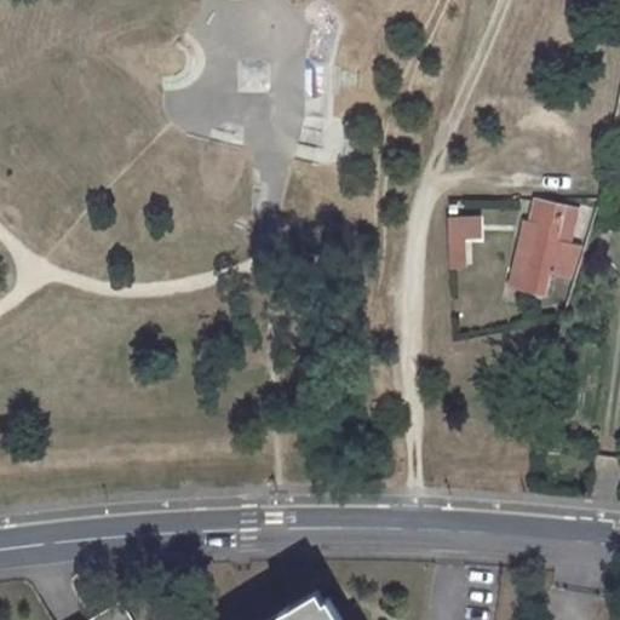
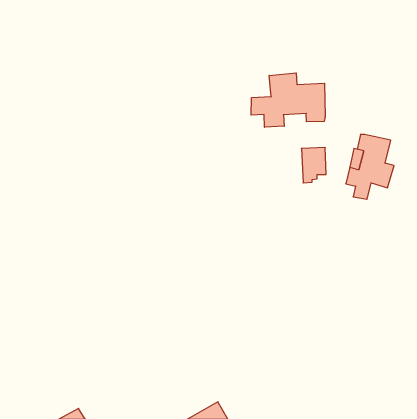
building: none -> [251,73,325,127]

